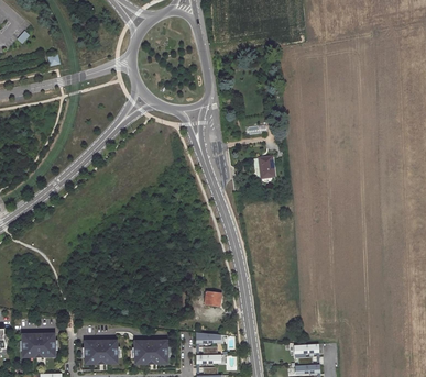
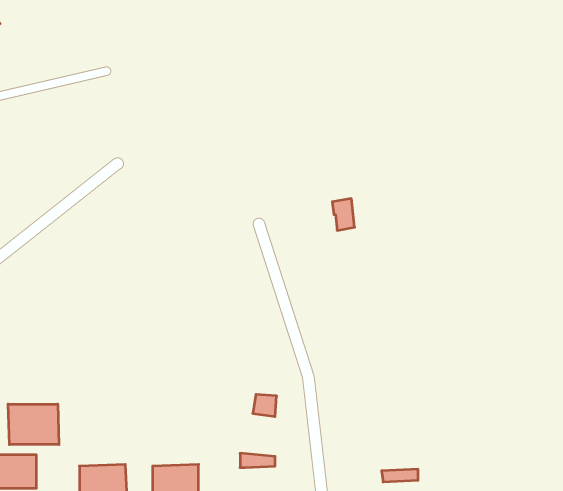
building: none -> [8,404,59,445]

